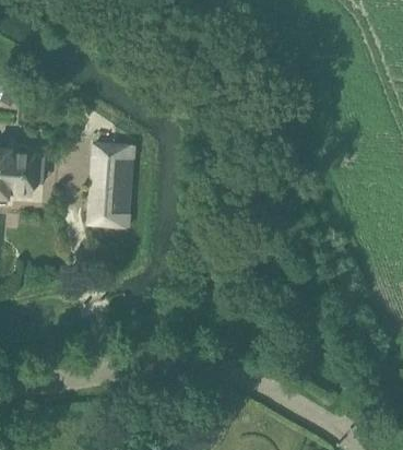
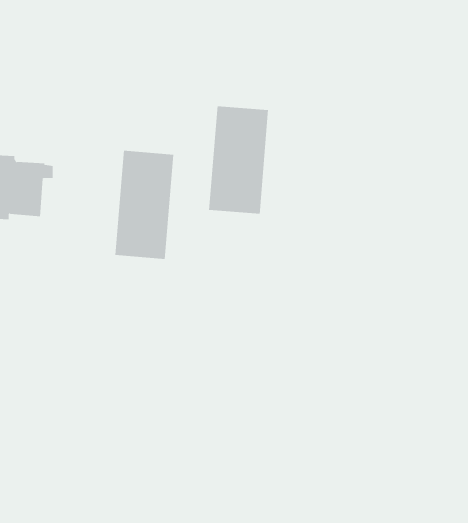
building: none -> [209,106,269,215]

